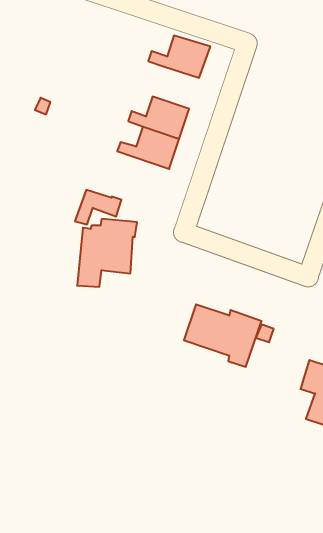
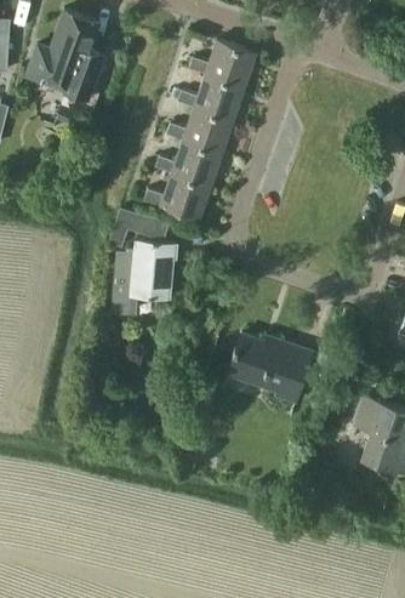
building: none -> [33,11,103,102]
building: none -> [177,75,244,121]
building: none -> [143,173,211,220]

